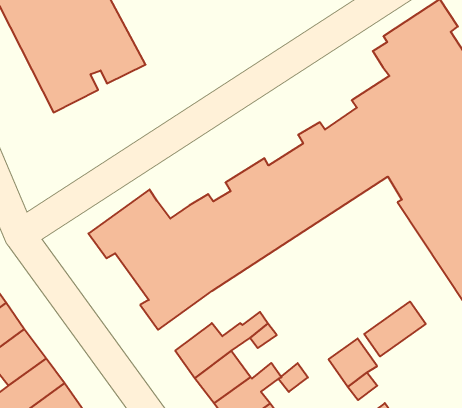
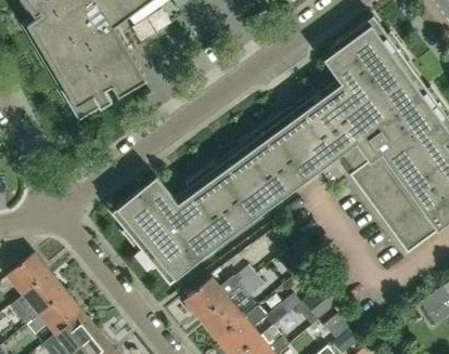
building: [364,302,426,356] -> none

